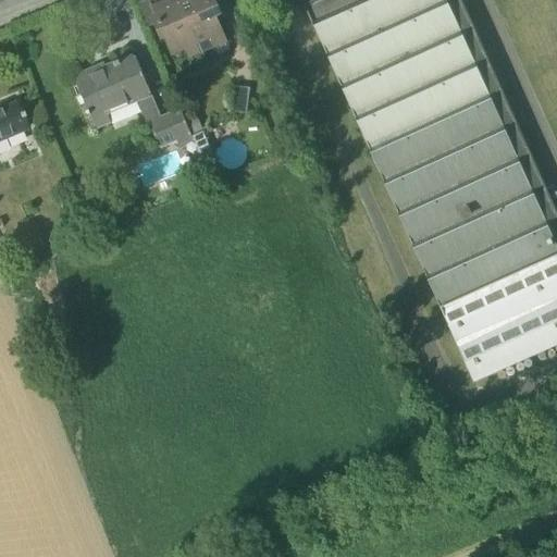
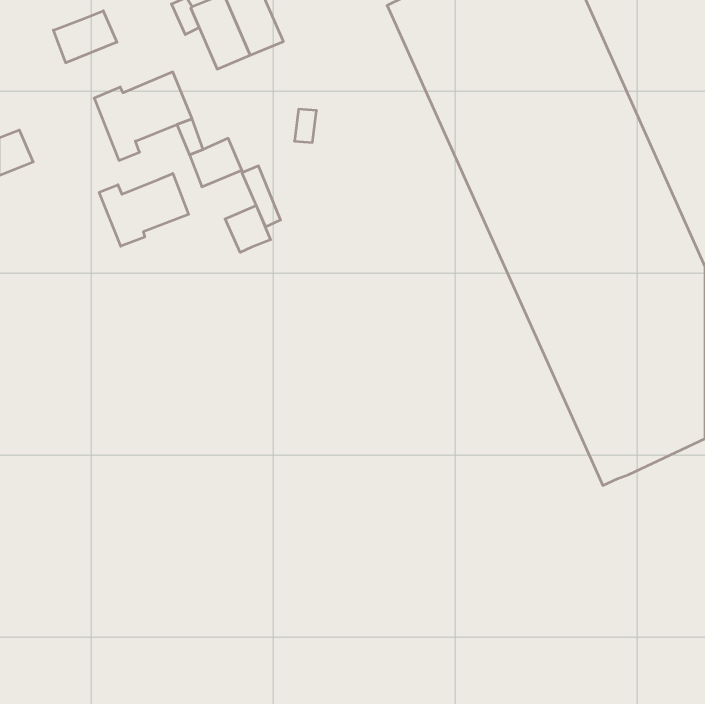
building: none -> [53,11,117,63]
building: none -> [99,173,189,246]
building: none -> [225,205,271,252]

